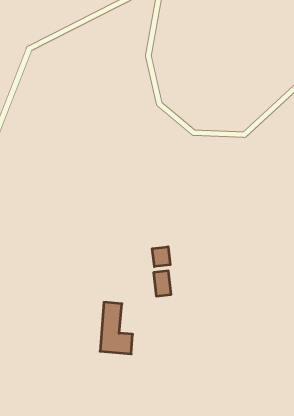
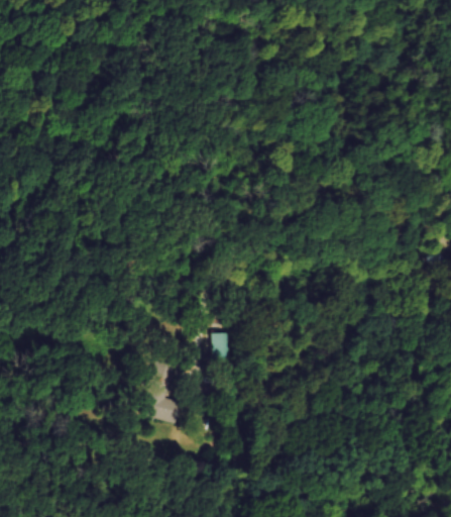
building: [152,247,170,267] -> none

